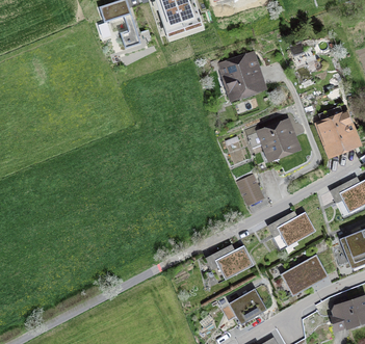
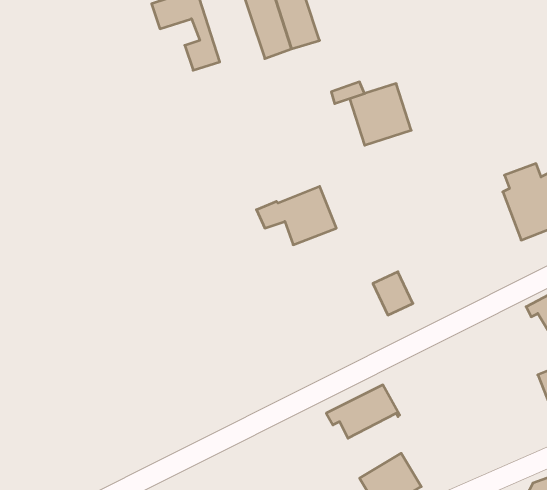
building: [247,122,297,158] -> [256,186,336,245]
building: [270,211,316,245] -> none
building: [277,255,328,300] -> none

